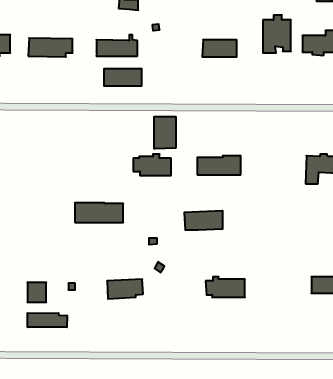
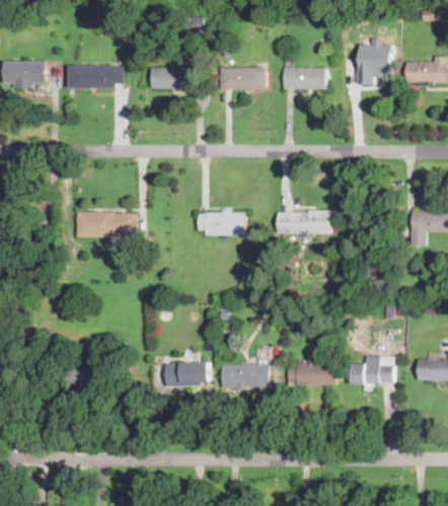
building: [104,69,142,86] -> [219,67,266,88]
building: [154,117,176,149] -> none
building: [75,203,123,222] -> [76,212,136,236]
building: [184,211,223,230] -> [220,363,268,386]
building: none -> [350,355,392,383]
building: [28,313,67,327] -> none

